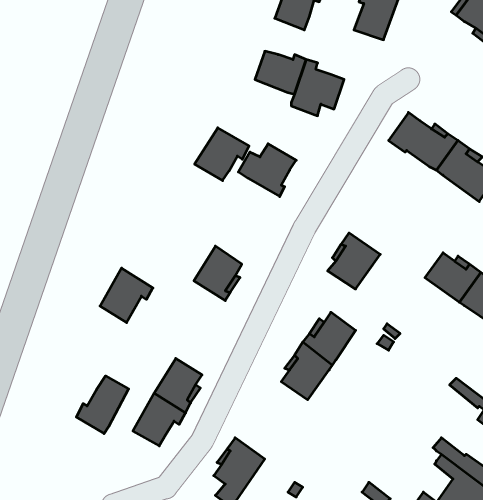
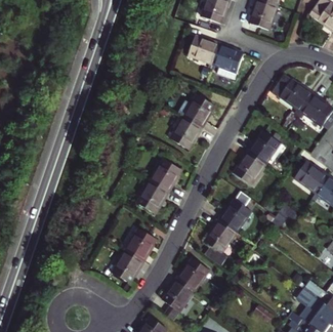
building: [195,128,249,181] -> [169,116,203,149]
building: none -> [246,130,284,163]
building: [100,268,153,323] -> [136,179,169,213]
building: [76,376,129,434] -> none
building: none -> [175,257,209,290]

